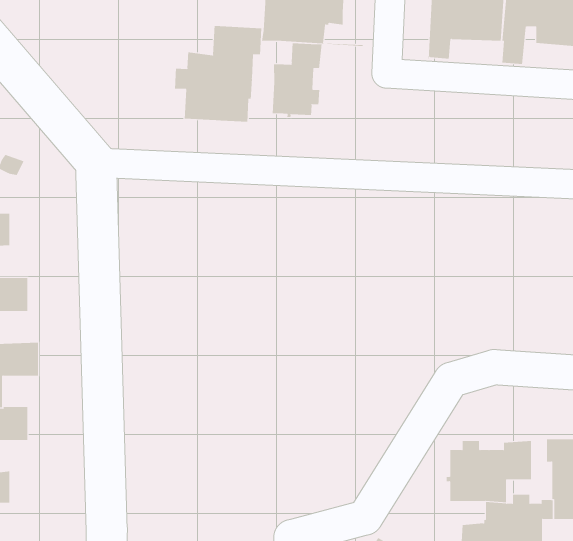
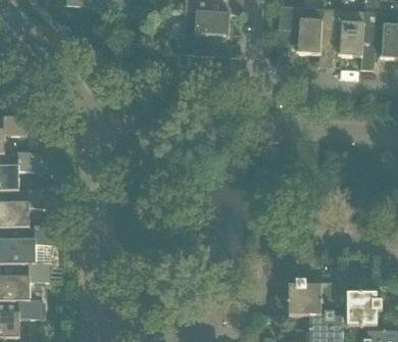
building: [174,25,262,123] -> none
building: [272,42,322,118] -> none

